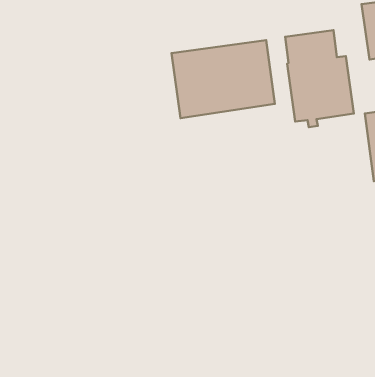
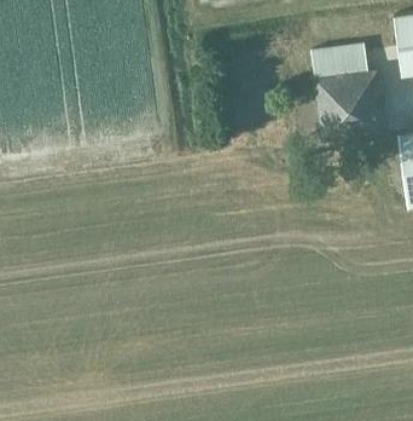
building: [171,40,275,118] -> none

